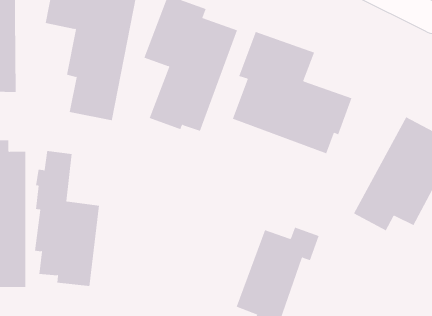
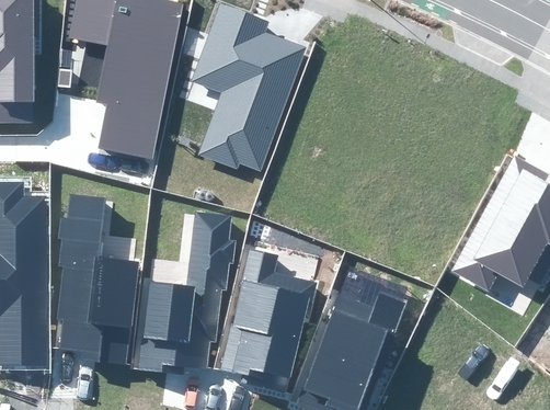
building: [232,31,352,154] -> none
building: none -> [137,209,237,371]
building: none -> [220,251,314,377]

